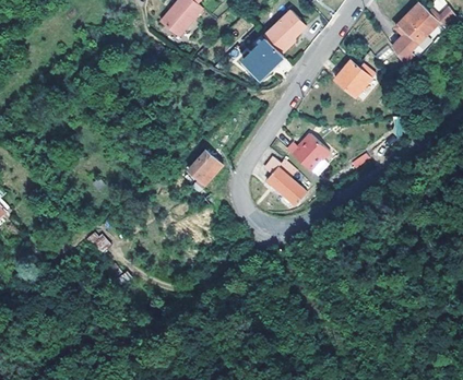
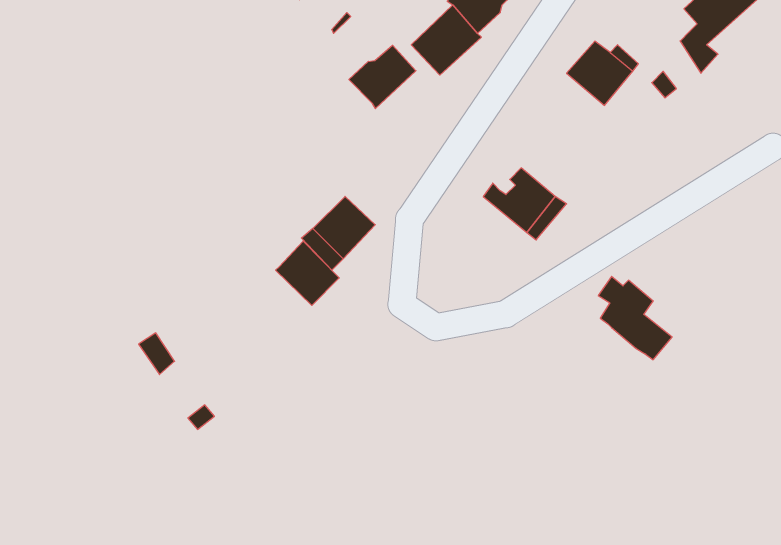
building: none -> [349,45,416,109]
building: [263,155,306,203] -> [598,276,672,360]
building: none -> [276,241,339,305]

